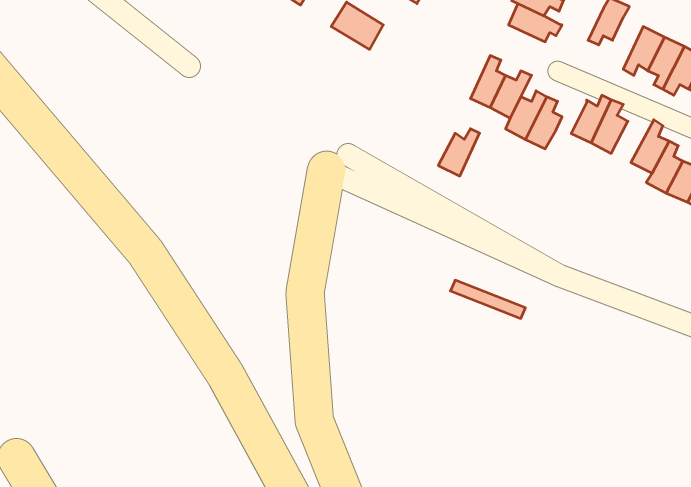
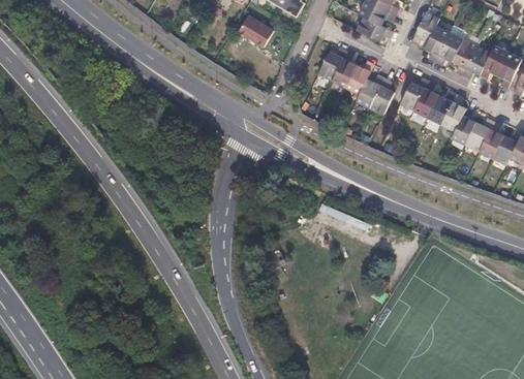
building: none -> [424,25,448,60]
building: none -> [426,91,455,123]
building: [438,129,480,176] -> [316,48,344,80]

